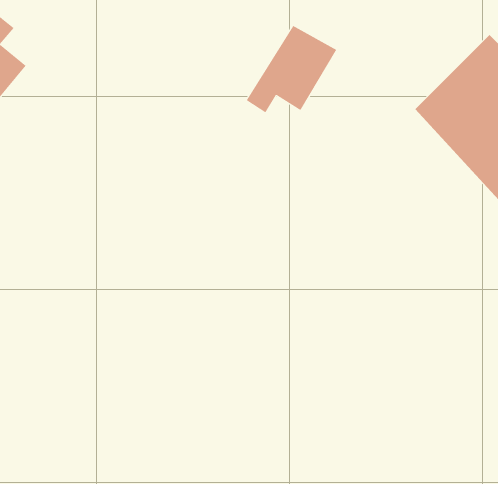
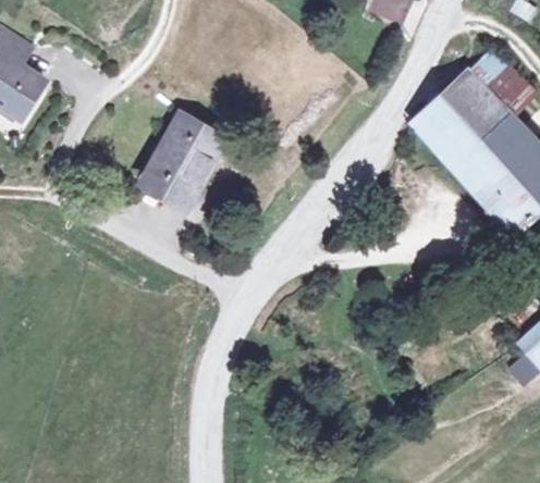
building: [246,25,337,113] -> [137,107,222,188]

